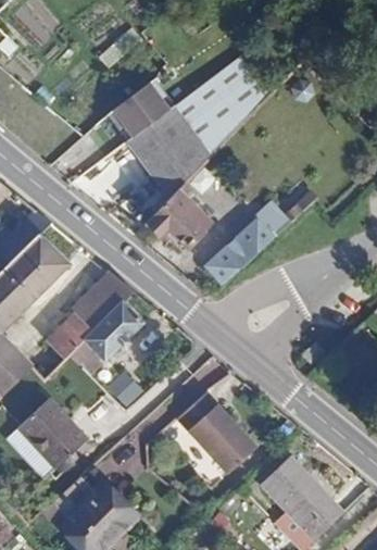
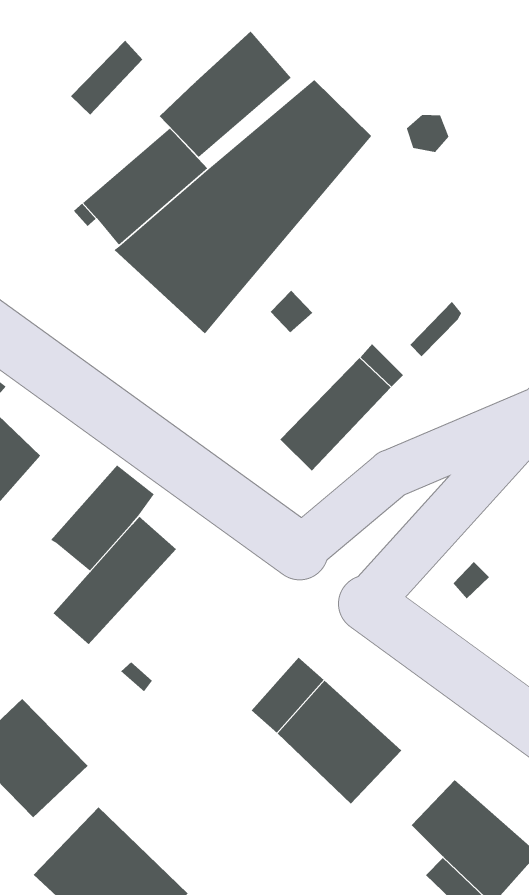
building: none -> [159,30,292,158]
building: [147,184,208,245] -> none
building: [51,316,91,361] -> none

